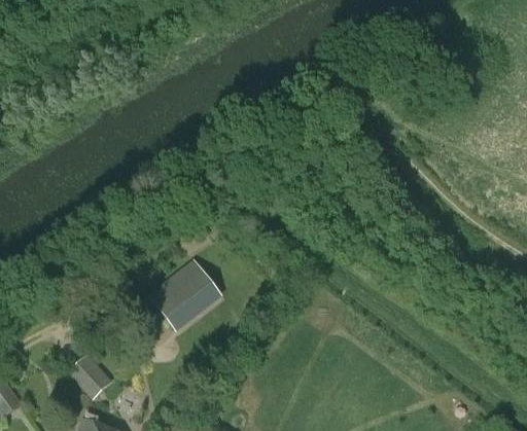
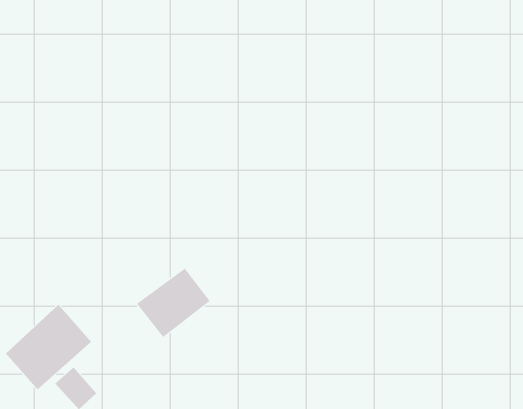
building: none -> [5,304,92,390]

